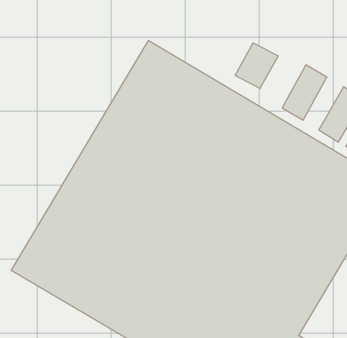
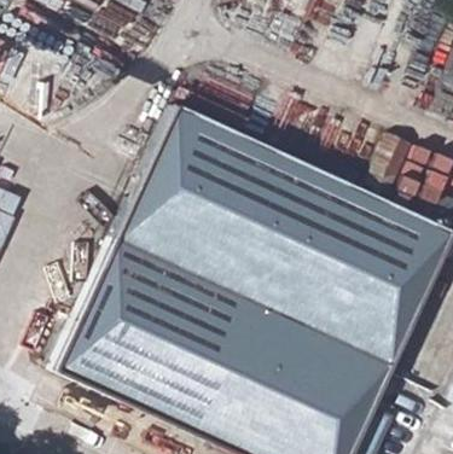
building: [235,43,278,89] -> none

